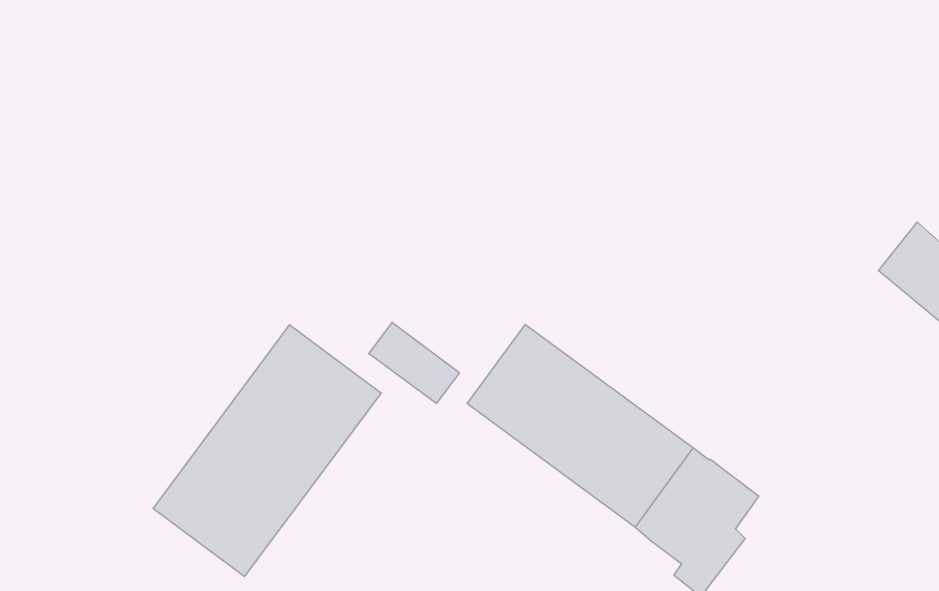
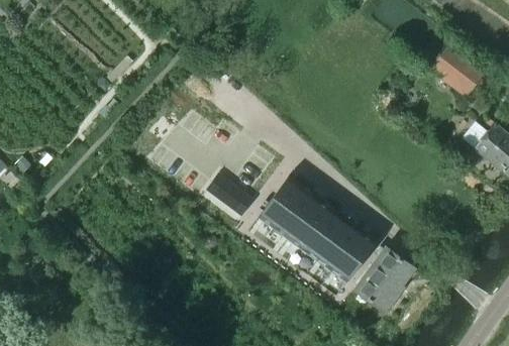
building: none -> [420,37,484,97]
building: [153,325,381,577] -> none

